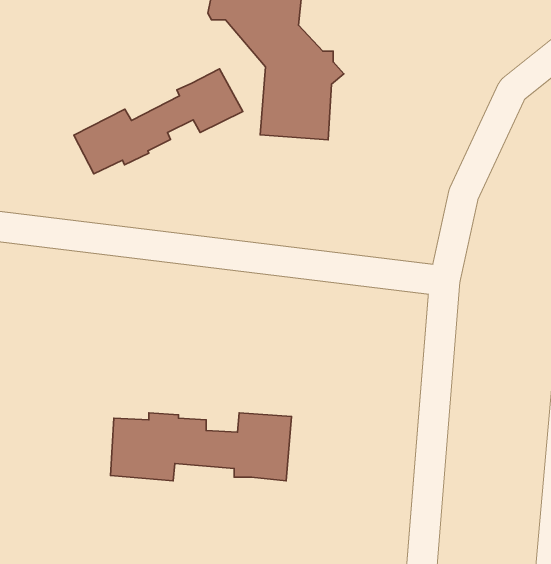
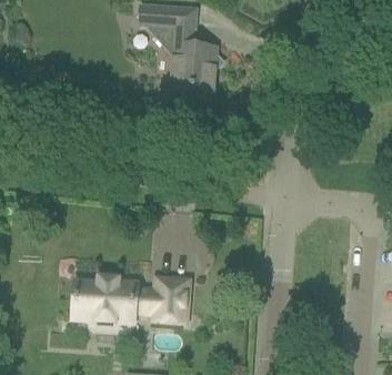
building: [74,69,243,174] -> none

